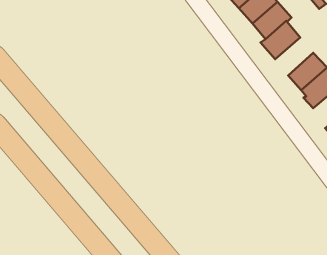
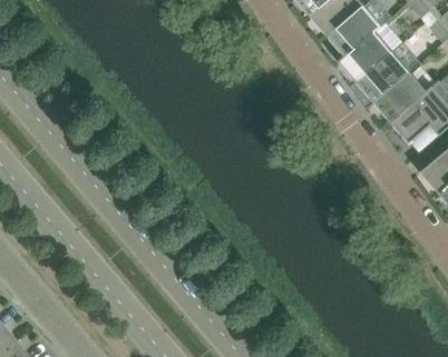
building: none -> [359,51,408,102]

